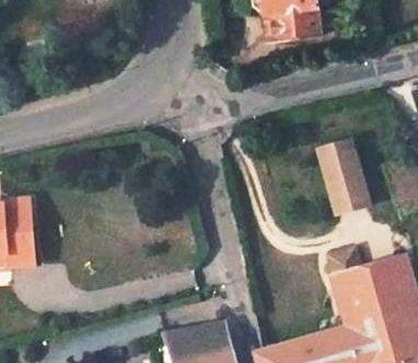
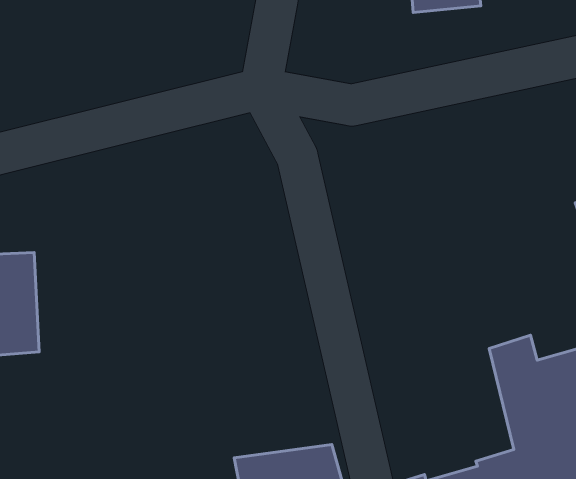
building: [314,141,367,214] -> none

